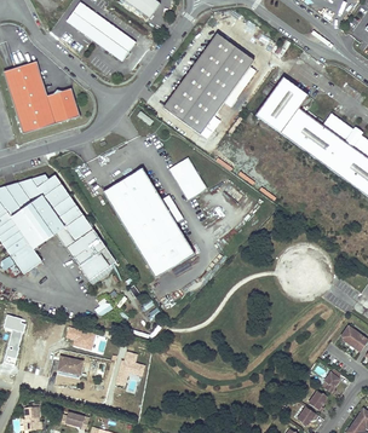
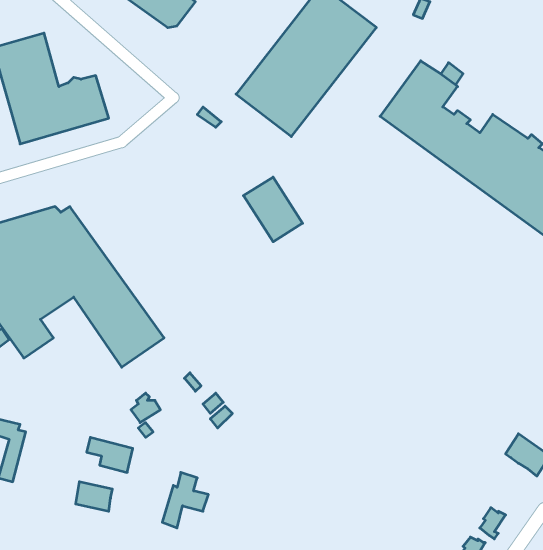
building: [103,167,194,276] -> none

